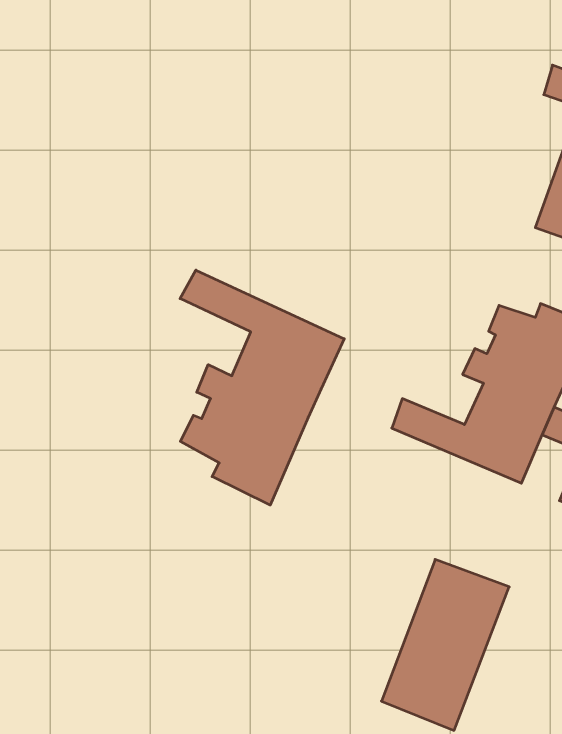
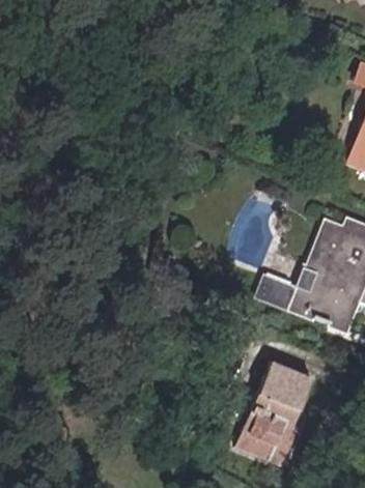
building: [180,270,344,505] -> none

